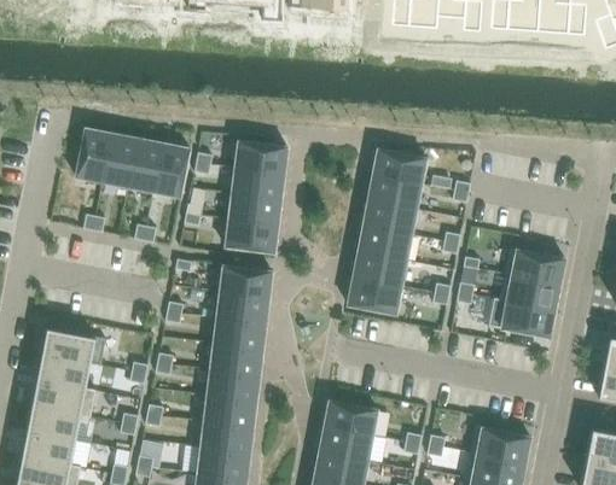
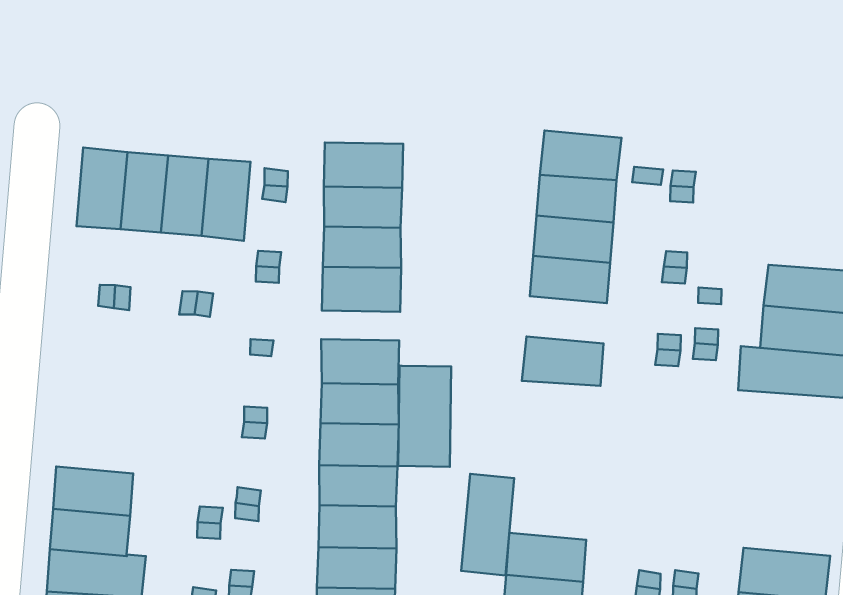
building: [353,252,406,287] -> none
building: none -> [398,365,451,467]
building: none -> [461,474,514,575]

